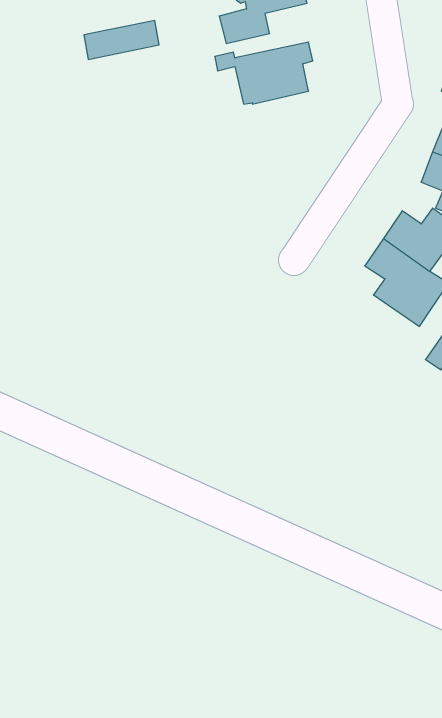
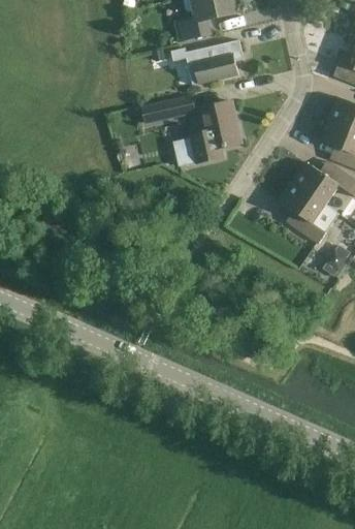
building: [84,20,159,59] -> [141,95,195,123]
building: none -> [189,101,241,163]

